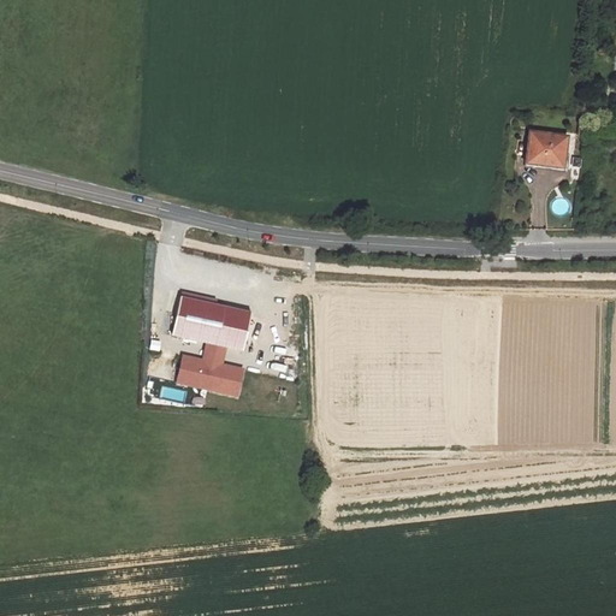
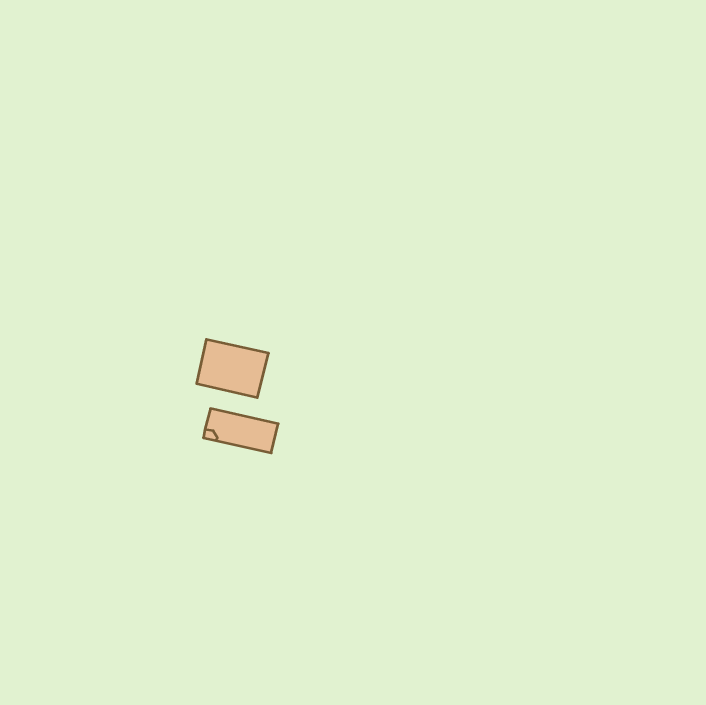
building: [527,135,568,167] -> none
building: [225,307,251,349] -> none

